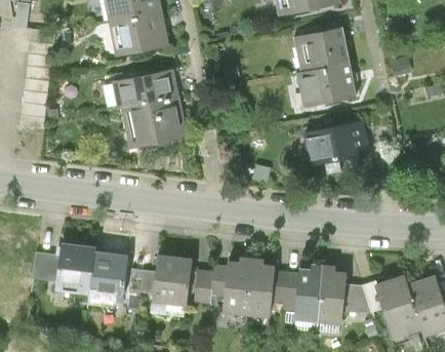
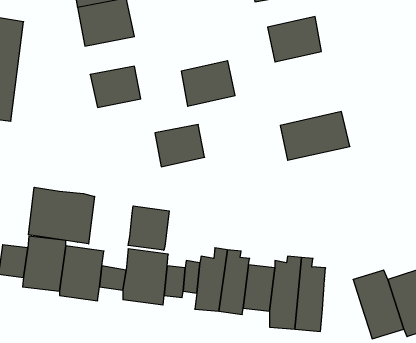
building: [300,62,353,106] -> [181,61,235,106]
building: [128,108,176,149] -> [155,125,205,167]
building: none -> [28,187,95,244]
building: none -> [128,206,169,250]
building: [347,283,385,313] -> none

